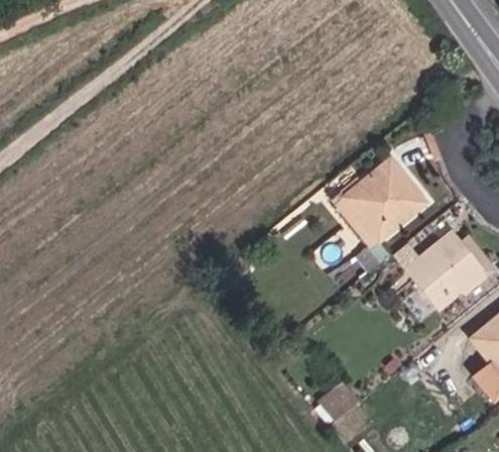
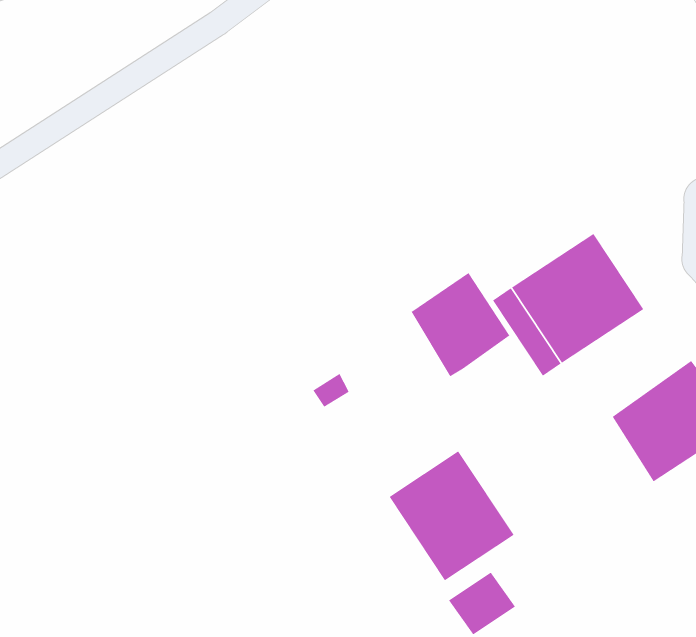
building: none -> [411,272,510,377]
building: none -> [389,451,514,581]

